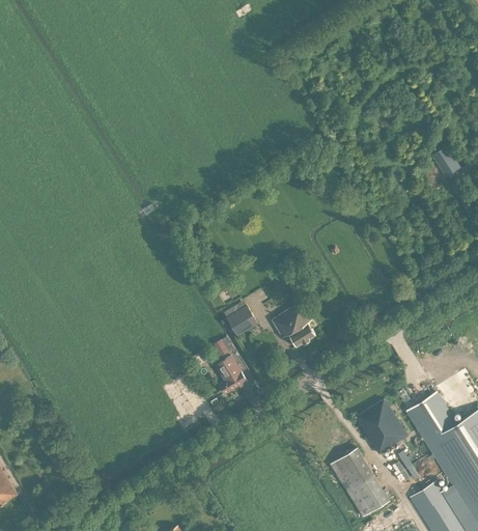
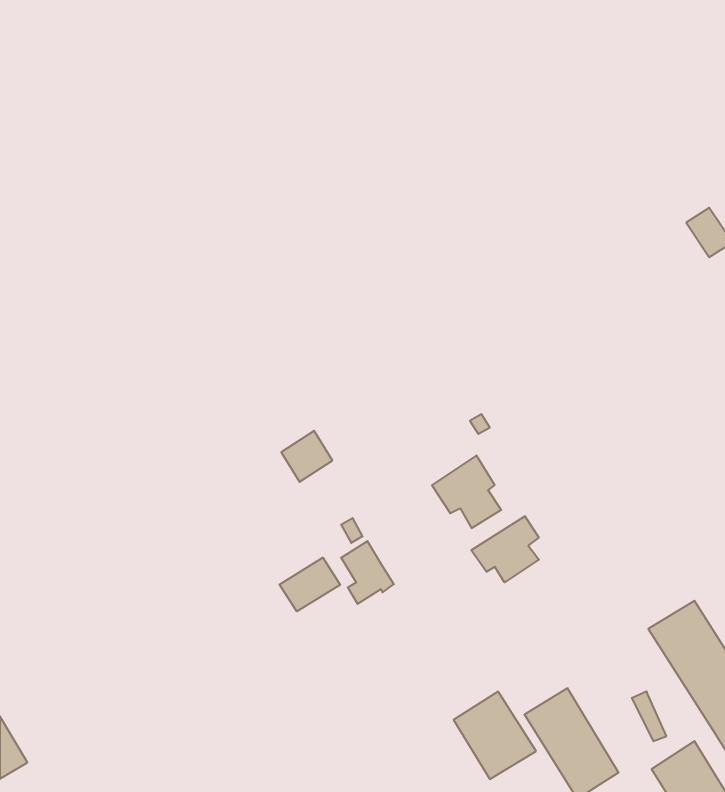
building: [226,304,258,336] -> [281,431,332,482]
building: none -> [471,516,539,582]
building: none -> [280,558,340,611]
building: [356,398,407,453] -> [454,692,536,779]

